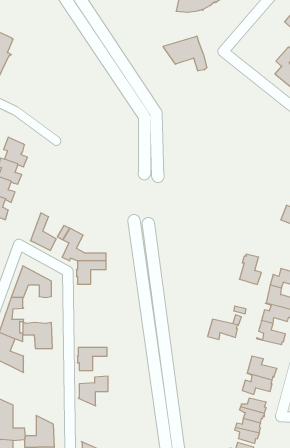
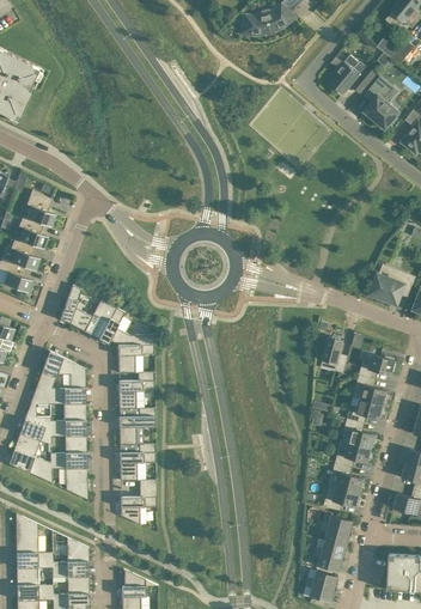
building: none -> [329,54,374,93]
building: [163,36,207,71] -> none
building: none -> [116,379,154,408]
building: none -> [49,388,85,421]
building: none -> [117,415,154,444]
building: [208,319,237,339] -> [335,440,372,465]
building: none -> [49,452,86,499]

